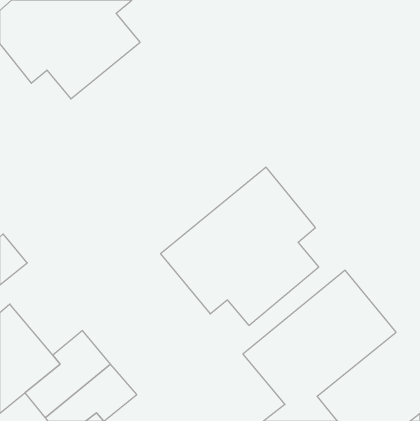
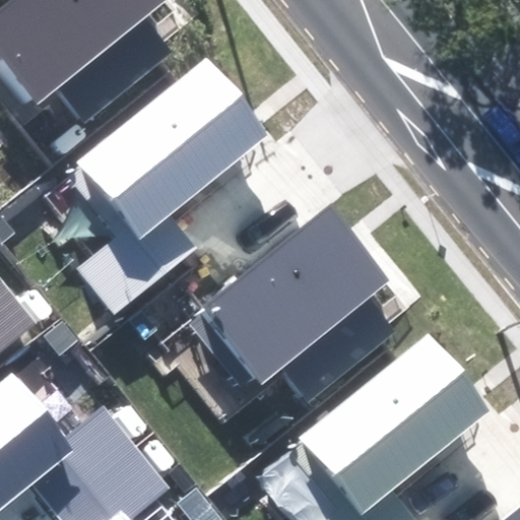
building: none -> [78,58,265,312]

